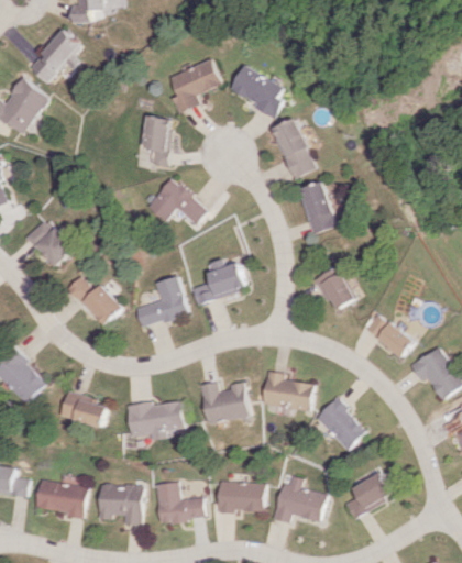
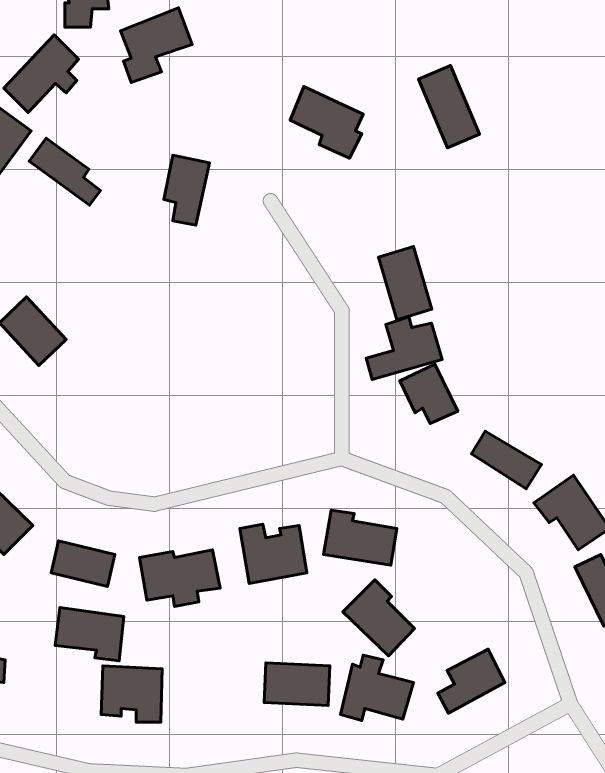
building: [173,58,224,112] -> [121,8,192,83]
building: none -> [29,138,100,205]
building: [274,118,318,177] -> [419,66,480,148]
building: [143,177,205,224] -> none
building: [188,257,243,302] -> [366,317,442,379]
building: [66,275,121,325] -> none
building: [133,275,186,327] -> none
building: [311,395,363,450] -> [343,580,414,656]
building: [36,479,86,518] -> [55,607,124,661]
building: [153,481,204,523] -> none

